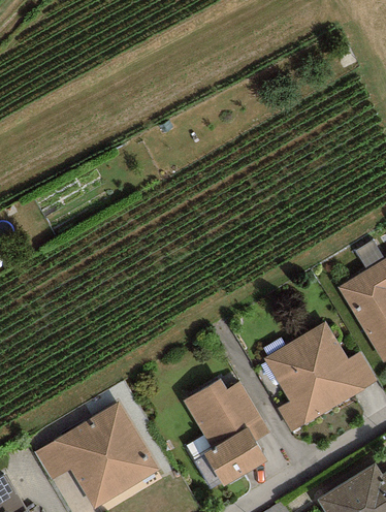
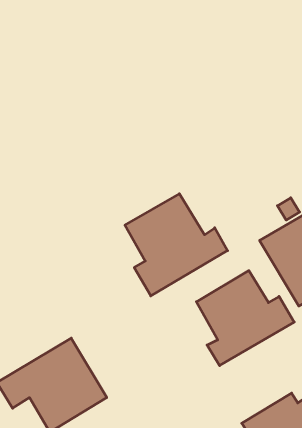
building: none -> [125,194,228,296]
building: [182,379,269,487] -> none

